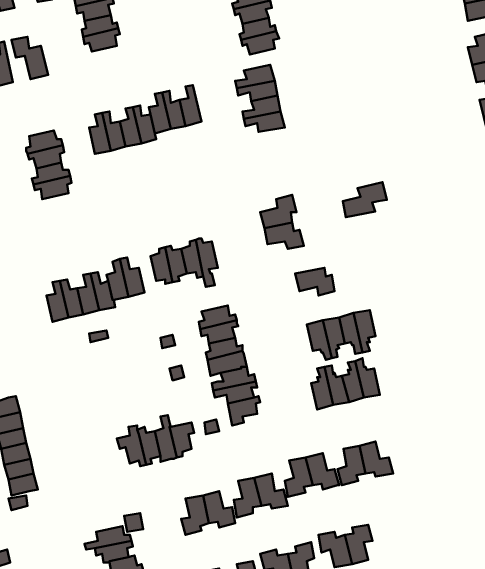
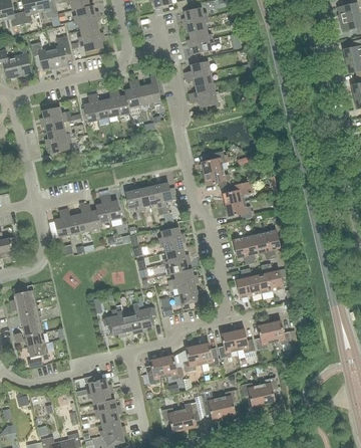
building: none -> [50,36,71,68]
building: [343,182,387,217] -> [223,181,253,205]

